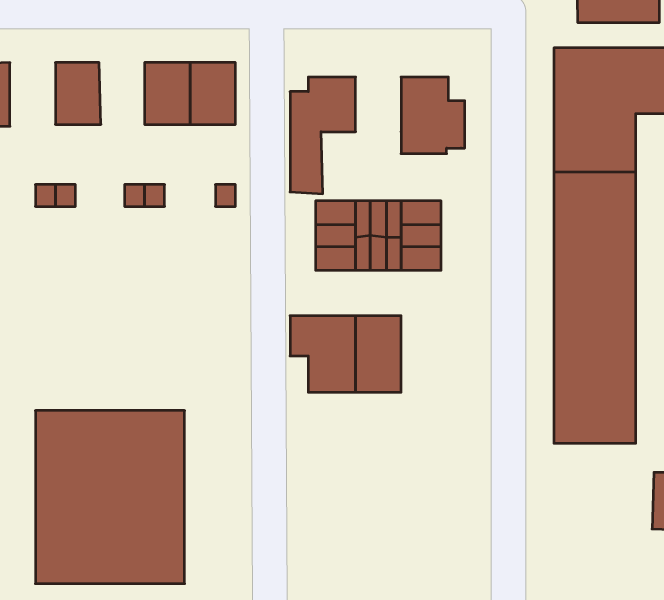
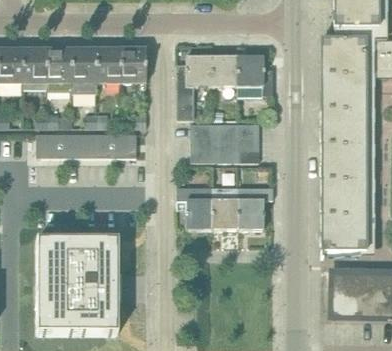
building: none -> [23,48,48,83]
building: none -> [72,48,97,93]
building: none -> [213,56,238,86]
building: none -> [37,133,137,157]
building: none -> [238,187,274,229]
building: none -> [332,271,365,304]

